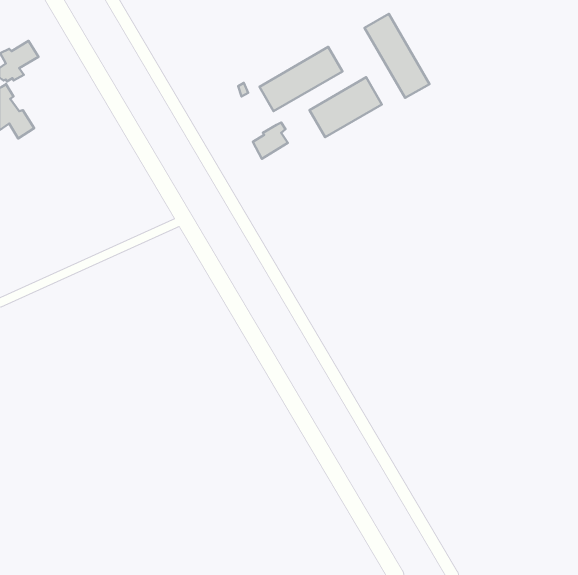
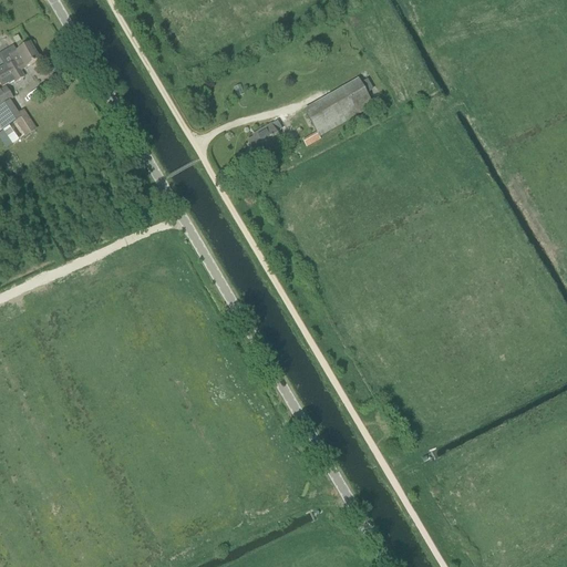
building: [364,14,429,98] -> none
building: [259,47,342,111] -> none

